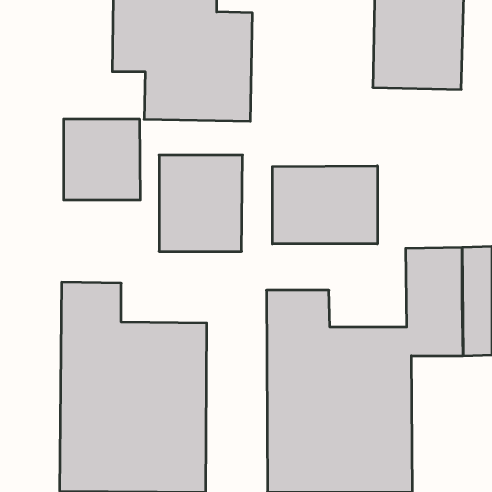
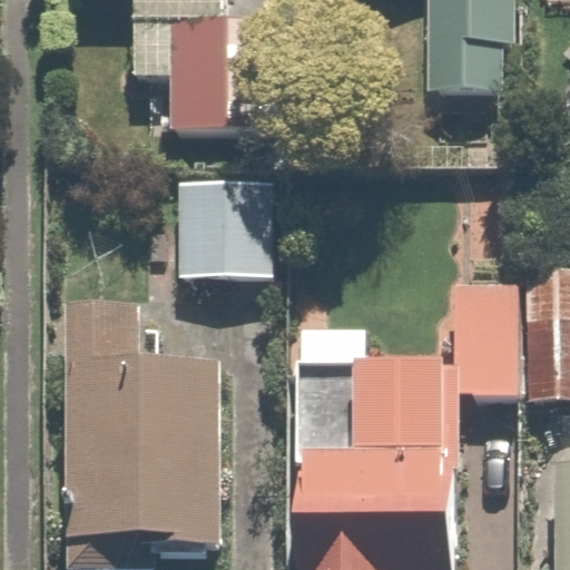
building: [64,119,140,200] -> none
building: [272,166,377,244] -> none

